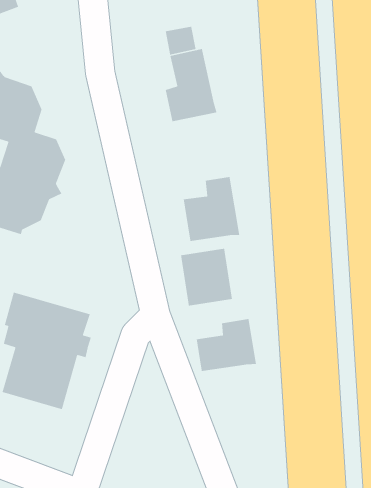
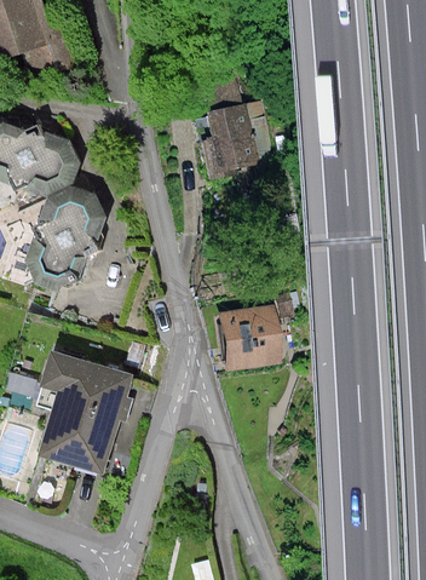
building: [183,176,240,242] -> none
building: [196,318,257,372] -> none

